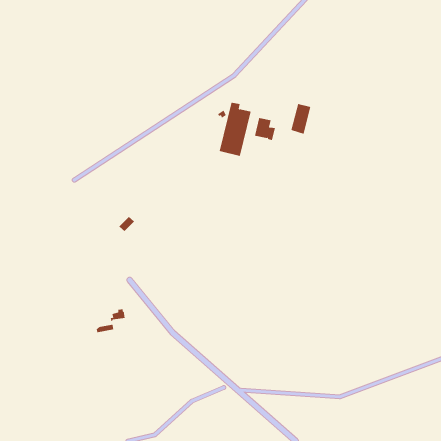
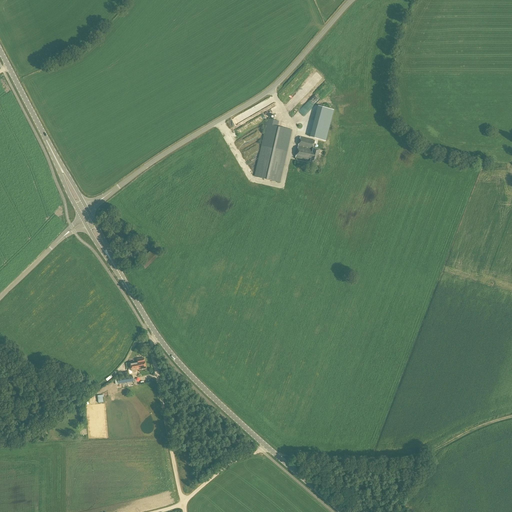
building: [290,103,311,135] -> [309,105,333,141]

